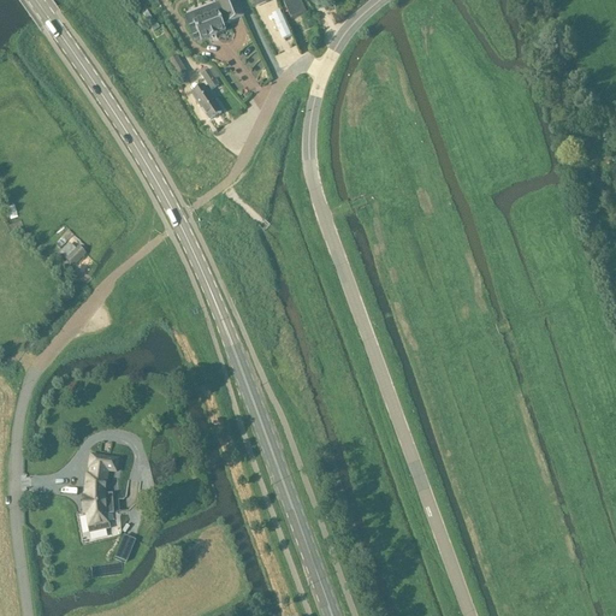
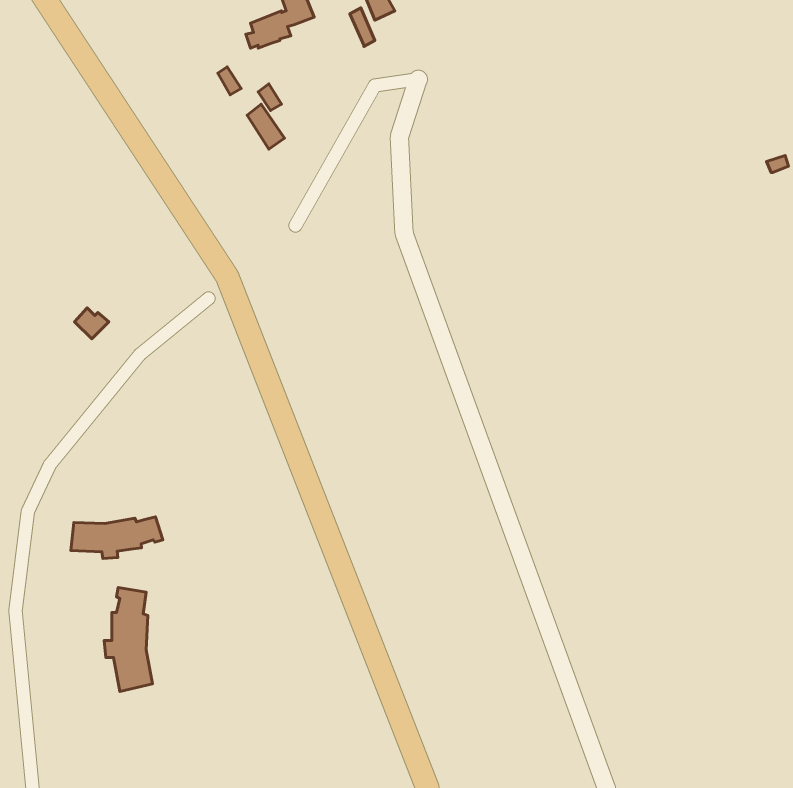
building: none -> [71,517,163,558]

